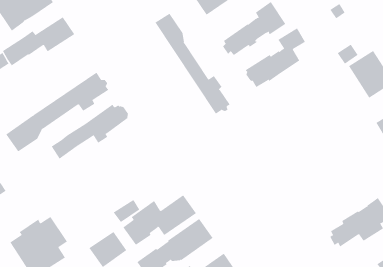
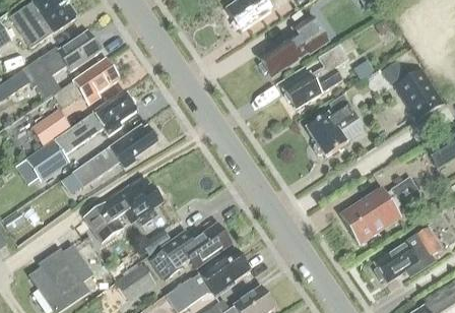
building: [155,13,231,115] -> none
building: none -> [51,59,119,110]
building: none -> [306,93,359,156]
building: none -> [30,114,70,145]
building: none -> [340,176,421,243]
building: none -> [84,180,160,243]

